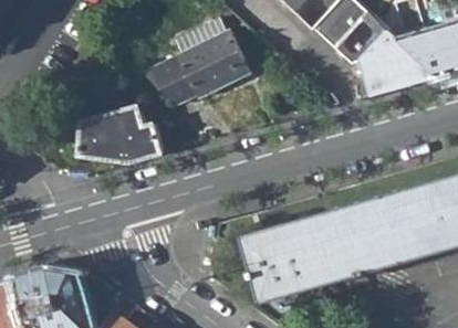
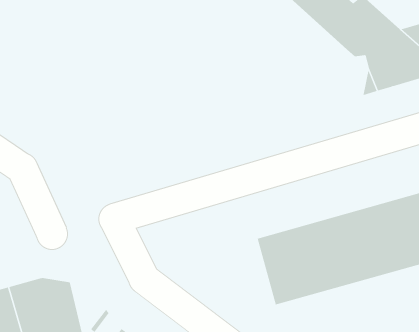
building: [142,17,248,104] -> none
building: [80,105,162,162] -> none

